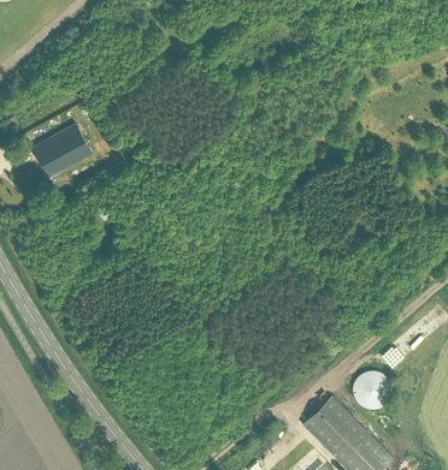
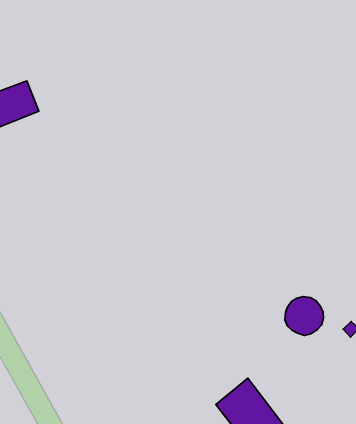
building: [353,370,391,409] -> [285,297,324,335]

